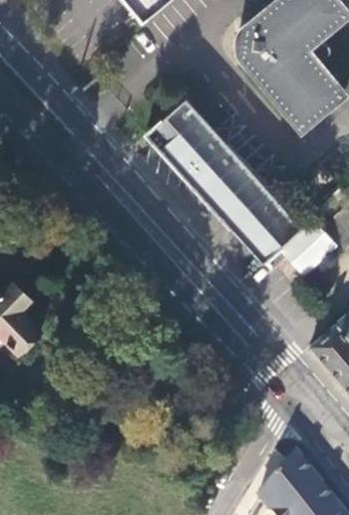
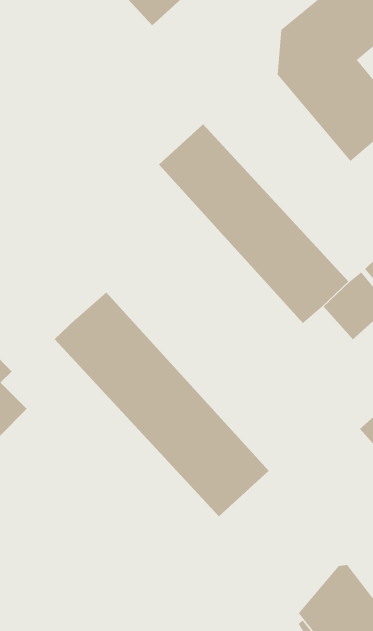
building: none -> [54,292,270,517]

